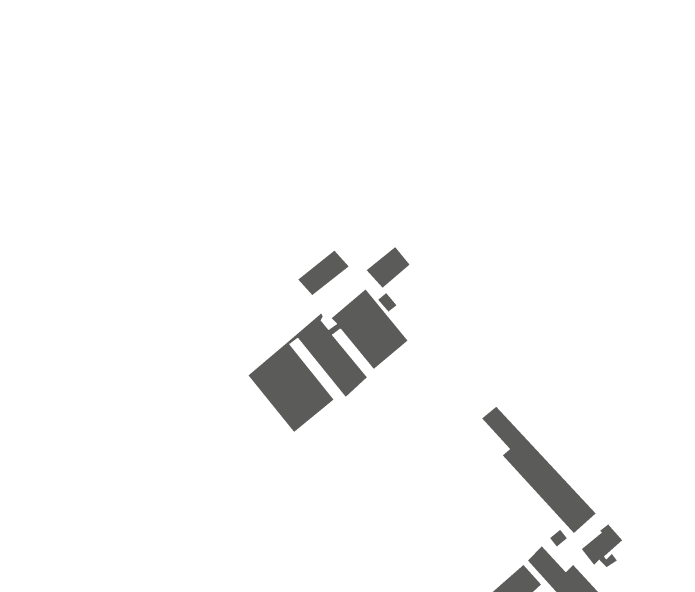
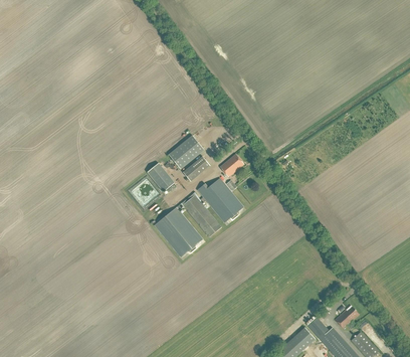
building: none -> [168,135,203,168]
building: none -> [147,162,174,191]
building: [481,406,597,534] -> none

